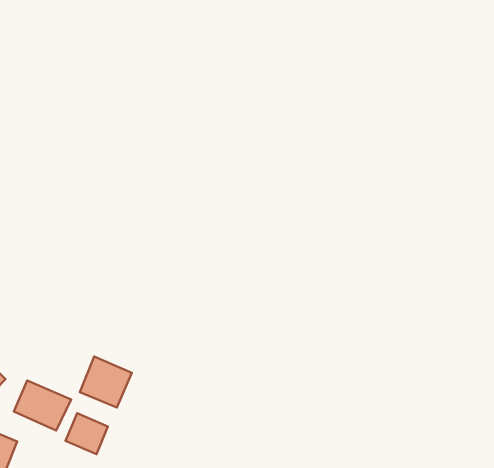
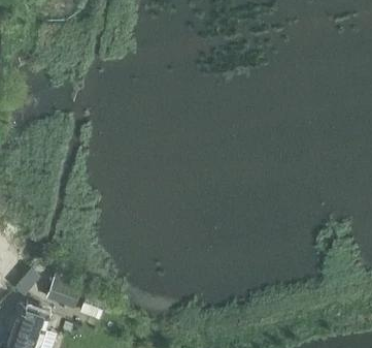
building: [80,357,132,407] -> none

